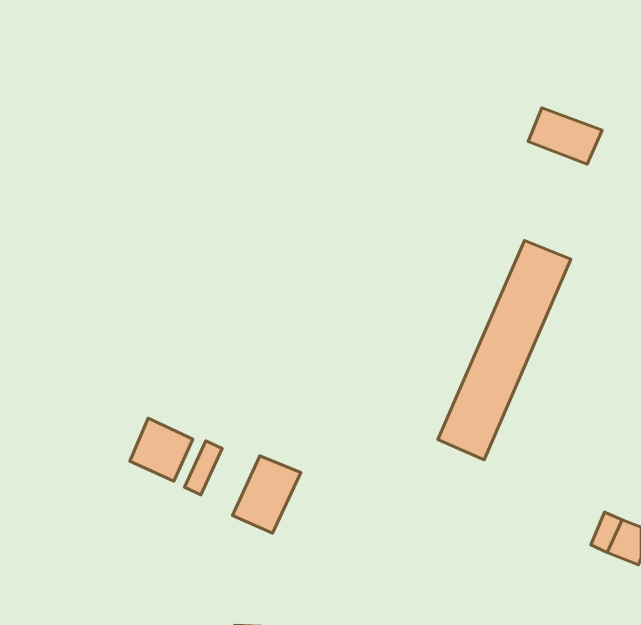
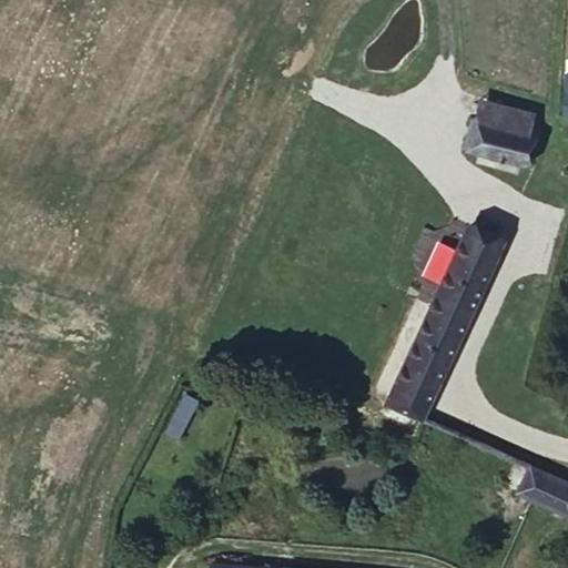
building: [130,418,193,481] -> none
building: [232,456,301,533] -> none

